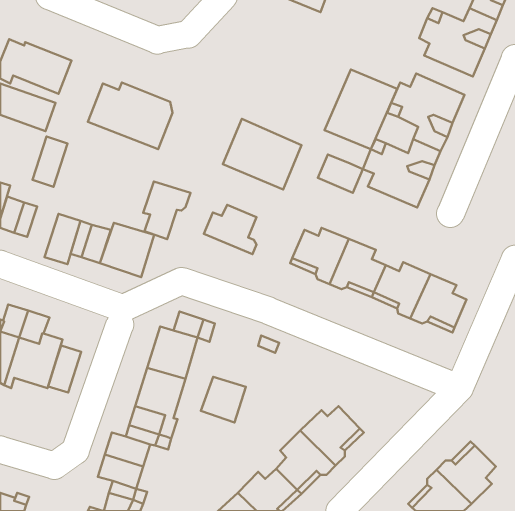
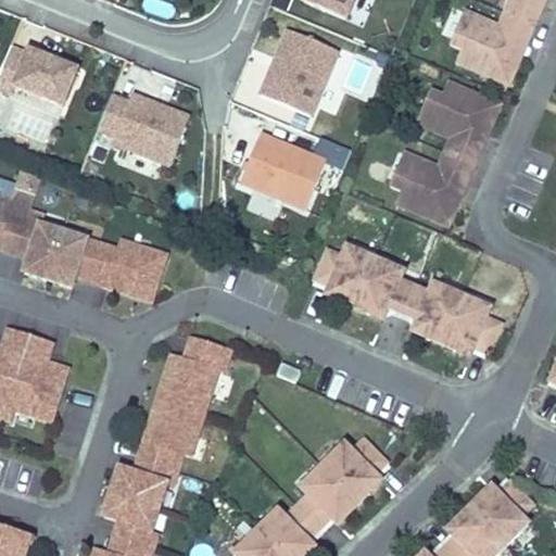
building: [325,70,397,149] -> [260,25,338,111]
building: [32,136,68,187] -> [25,223,63,277]
building: [318,154,363,193] -> none
building: [143,182,191,239] -> none
building: [204,205,257,254] -> none
building: [48,346,81,393] -> none
building: [201,377,246,422] -> none

